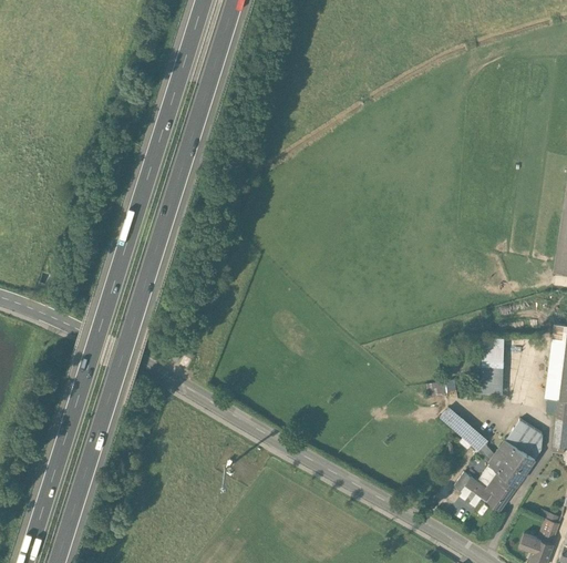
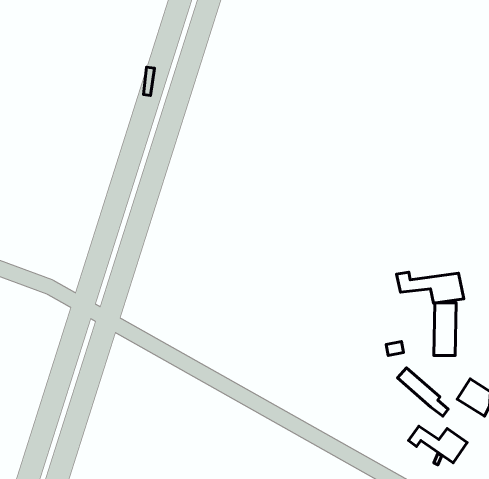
building: none -> [397,272,464,303]
building: [486,440,537,490] -> none

